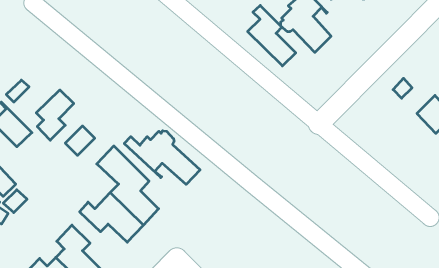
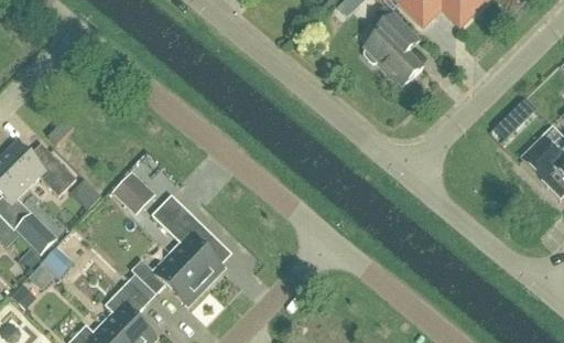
building: [248,5,296,66] -> none
building: [36,90,74,140] -> none
building: [124,131,200,184] -> none

